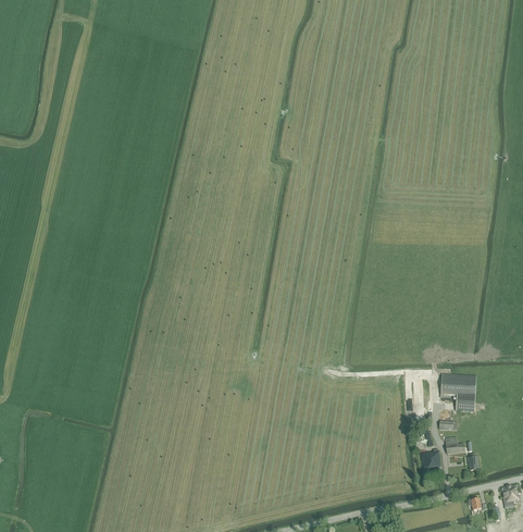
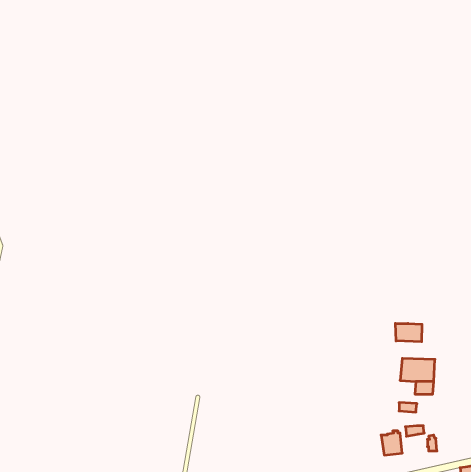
building: none -> [395,323,422,342]

